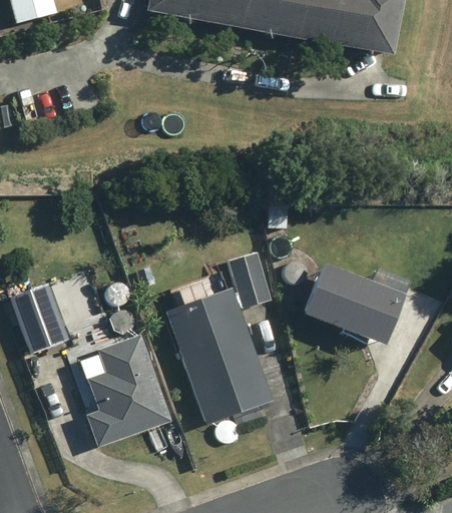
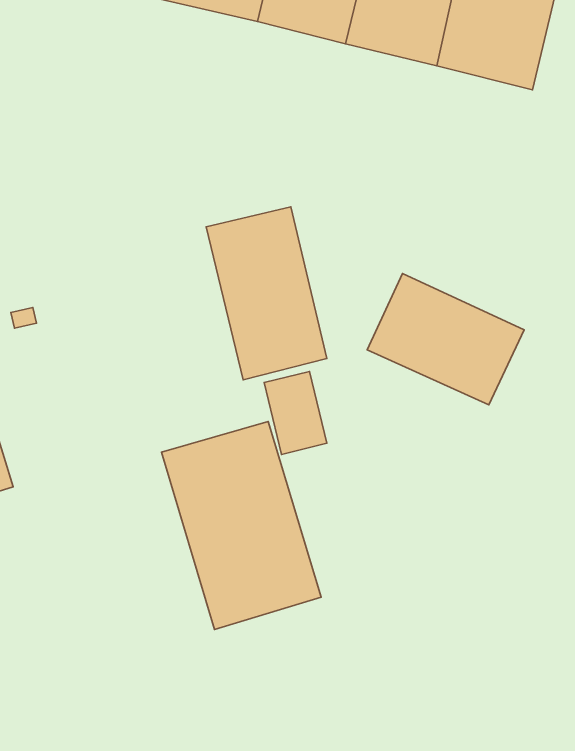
building: none -> [206,207,327,380]
building: [304,261,405,343] -> [367,273,524,405]
building: [86,333,171,446] -> none

